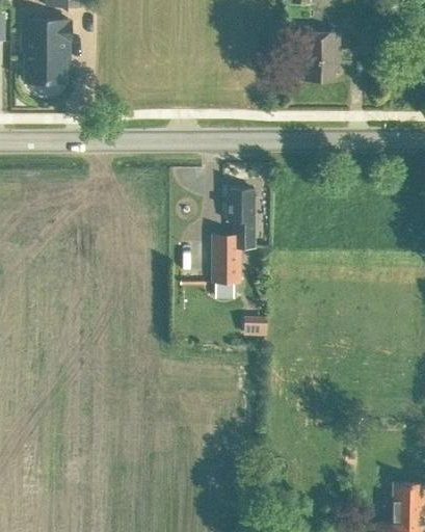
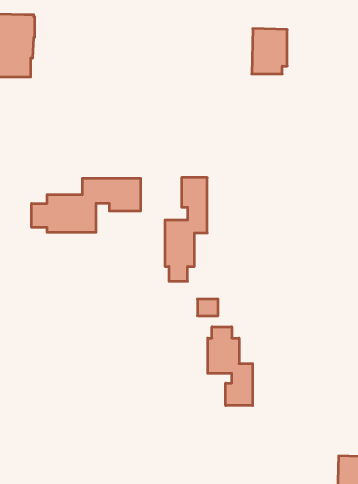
building: none -> [32,178,141,232]
building: none -> [208,327,253,406]

